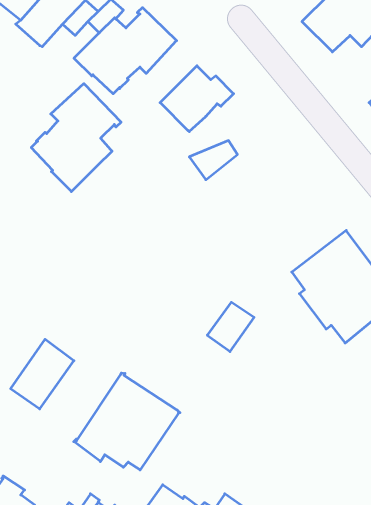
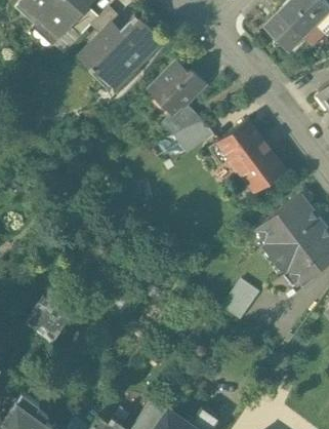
building: [31,84,121,192] -> none
building: none -> [165,104,204,136]
building: none -> [209,120,285,194]
building: [207,302,254,352] -> [221,281,259,321]
building: [74,373,180,470] -> none

